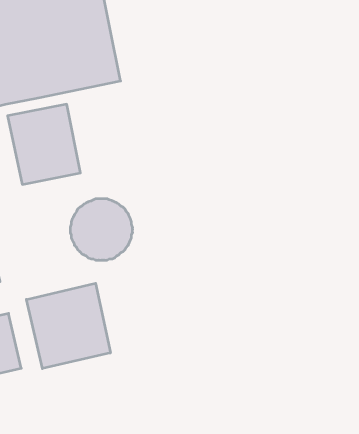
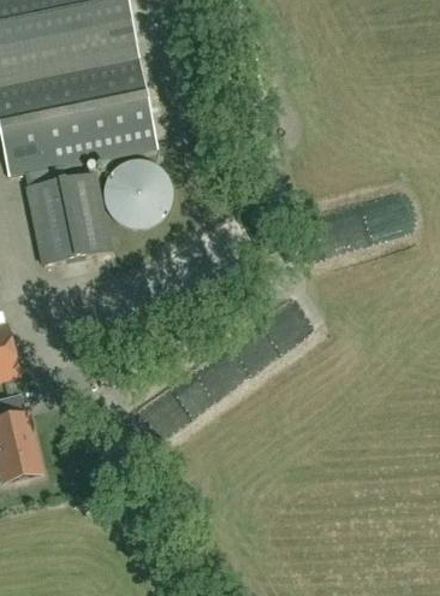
building: [70,199,133,260] -> [105,157,176,226]
building: [26,283,110,369] -> none

